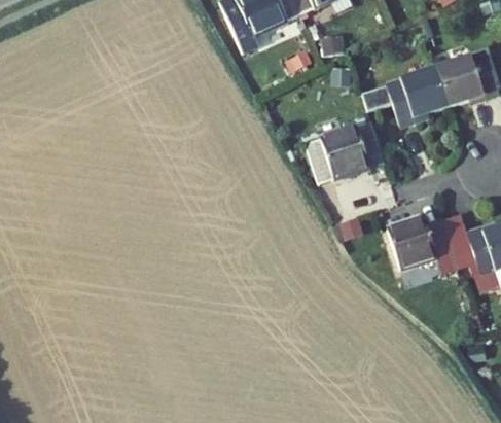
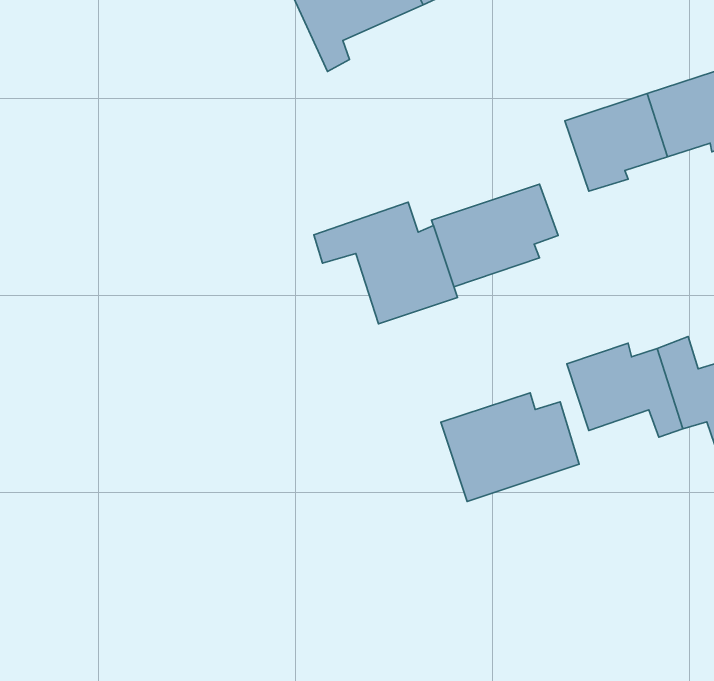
building: none -> [314,202,457,324]
building: none -> [441,393,579,501]

